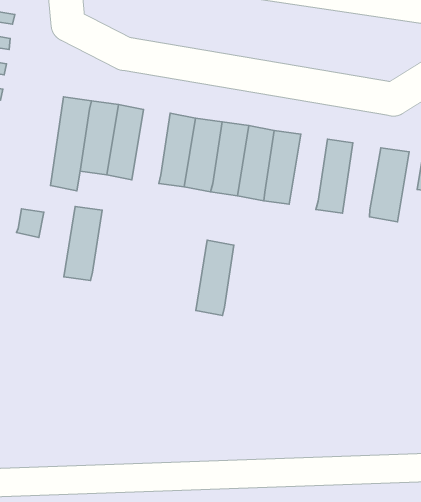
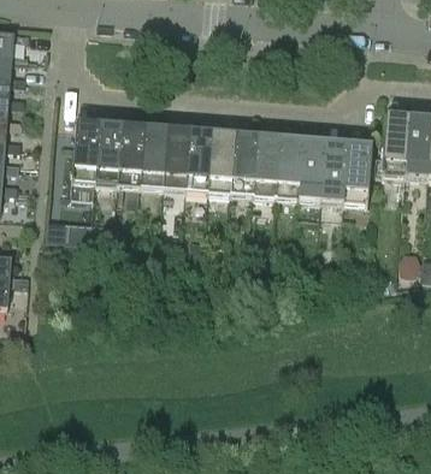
building: none -> [318,137,346,199]
building: [64,206,102,280] -> [137,124,165,185]
building: [196,240,234,316] -> [272,134,300,196]

